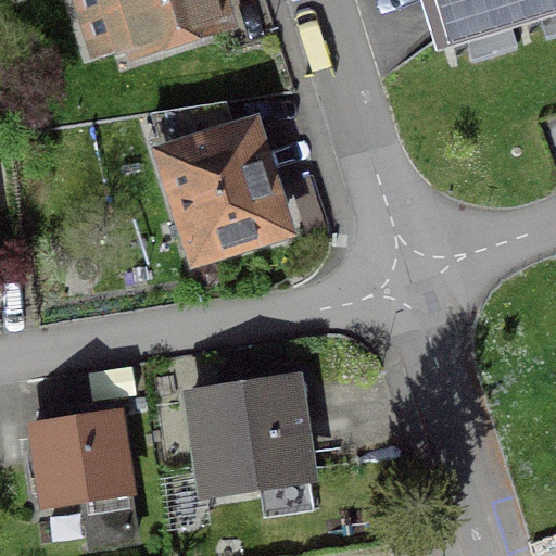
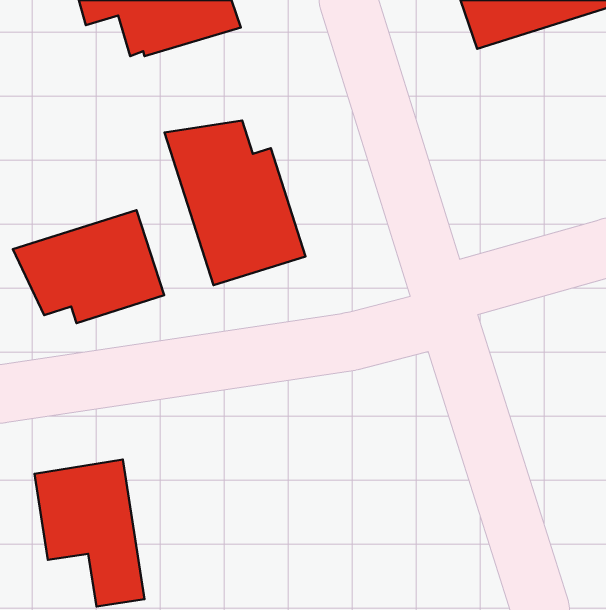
building: none -> [13,210,164,323]
building: [191,387,307,494] -> none

